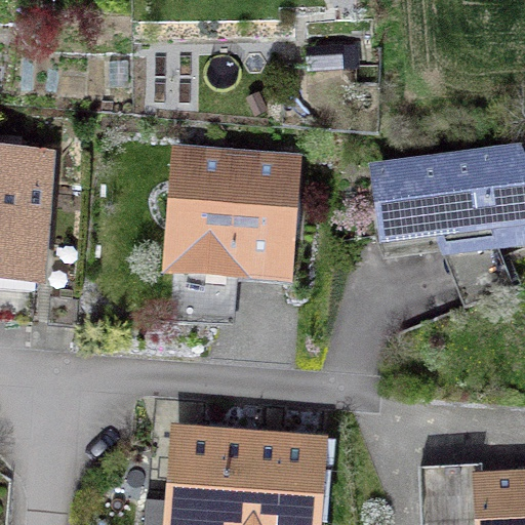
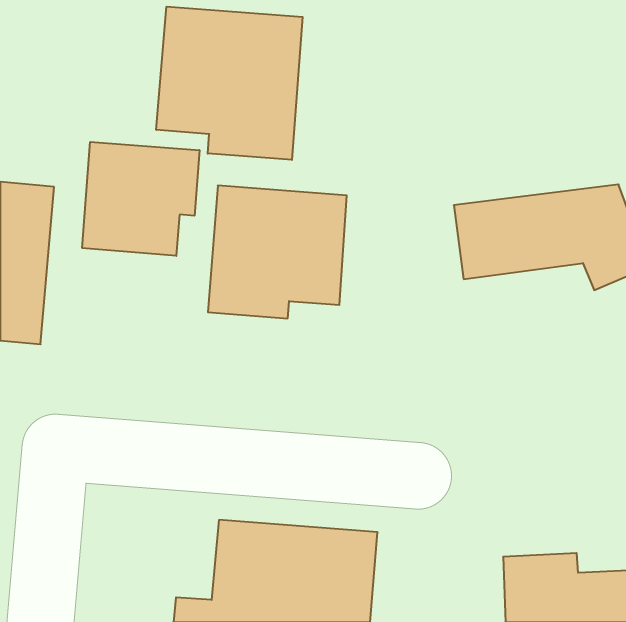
building: none -> [156,7,303,160]
building: none -> [82,142,199,256]

